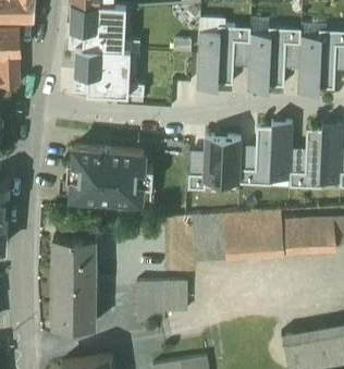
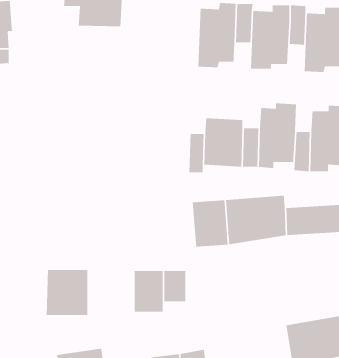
building: [73,49,131,98] -> none
building: [65,149,152,202] -> none
building: [53,238,94,282] -> none

